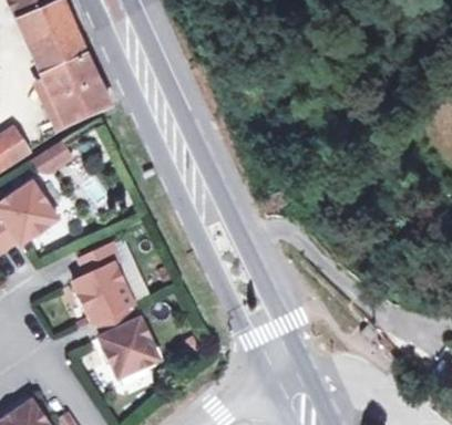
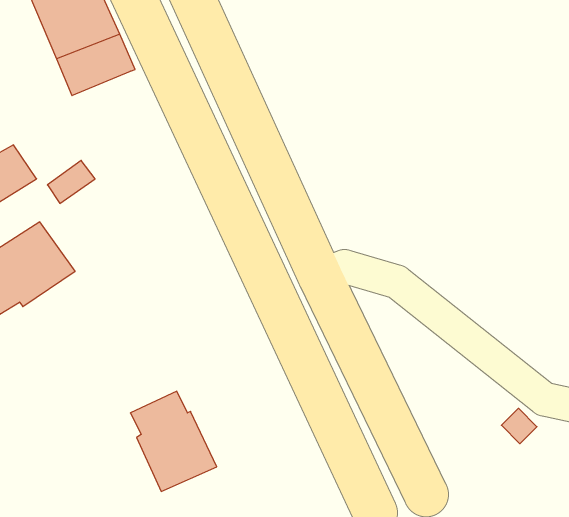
building: [52,76,109,125] -> none
building: [72,247,132,324] -> none

